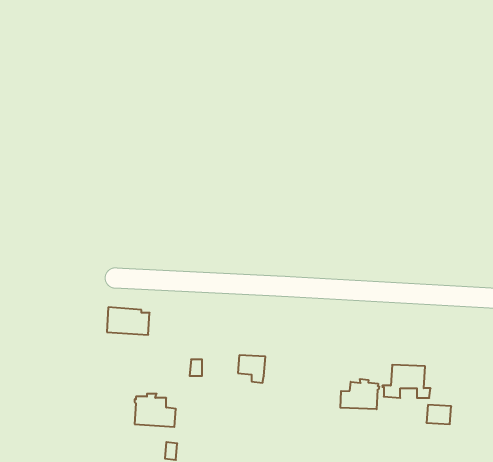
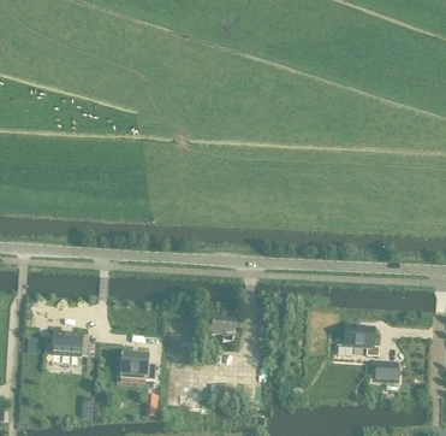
building: [107,307,150,335] -> [50,332,88,357]
building: [340,379,379,409] -> none

